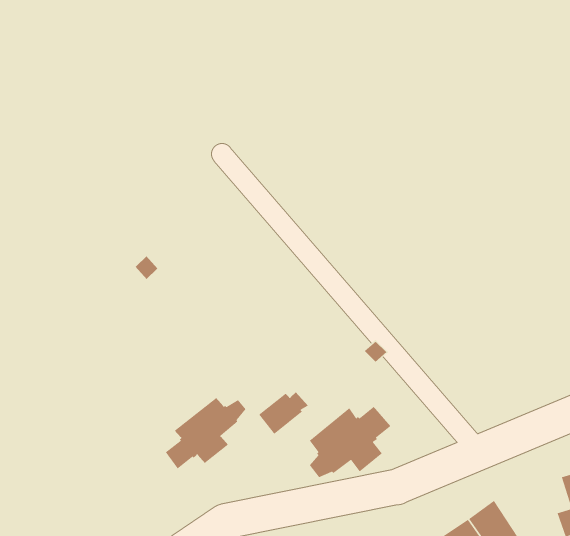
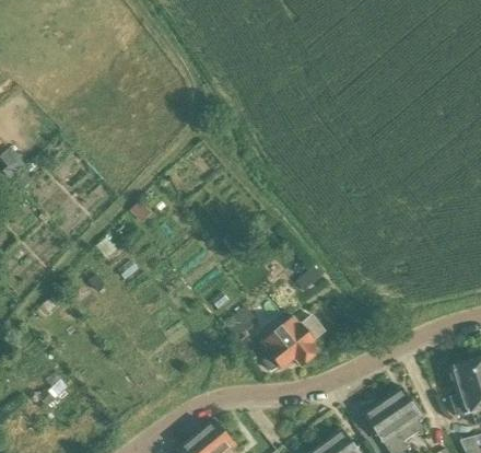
building: [165,397,247,469] -> none

